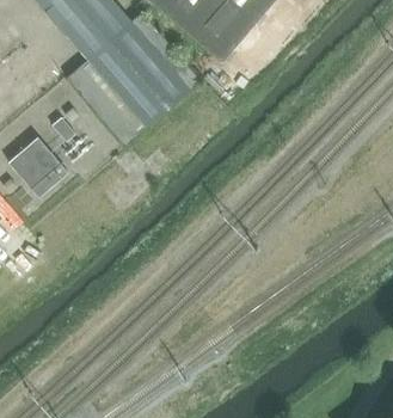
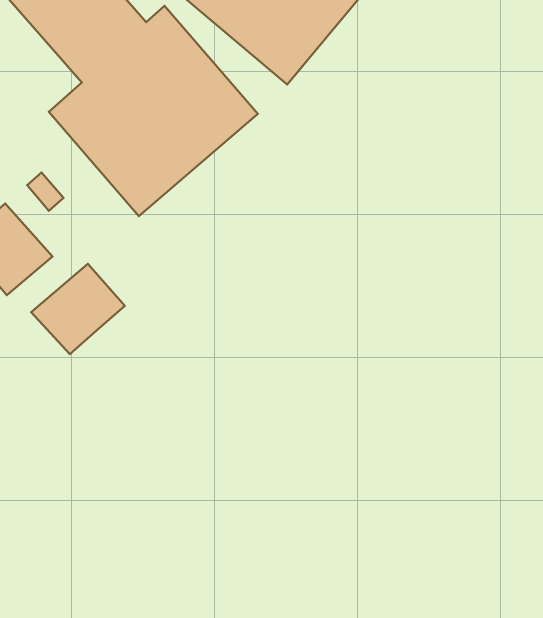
building: none -> [31,264,125,354]

